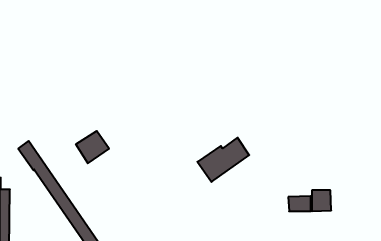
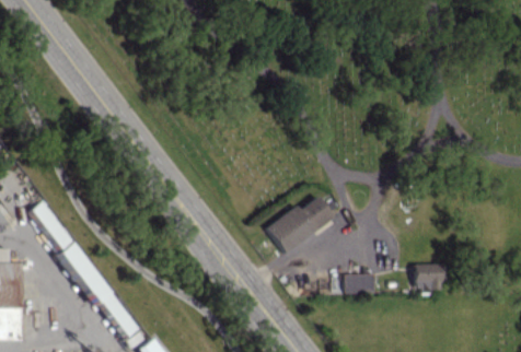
building: [76,131,109,163] -> none
building: [288,196,311,211] -> [343,273,372,293]

